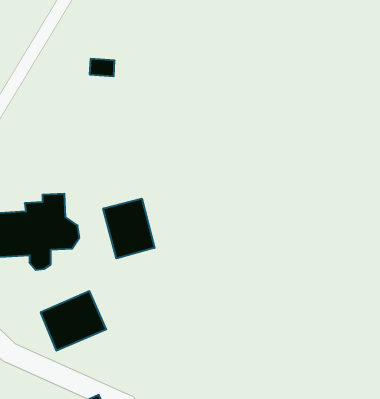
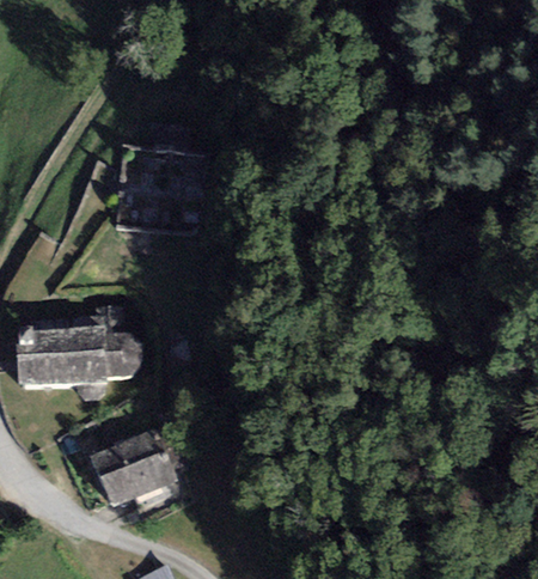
building: [103,199,155,258] -> none

